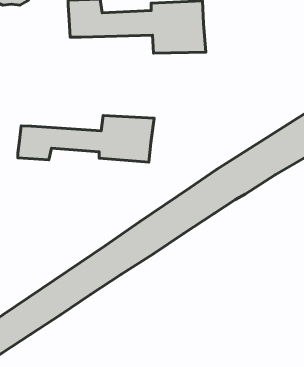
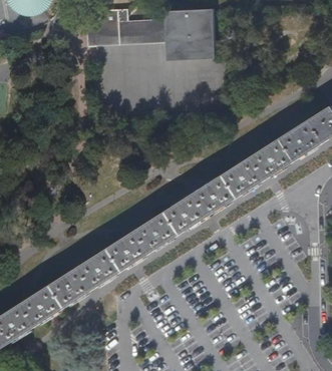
building: [18,115,154,162] -> none

